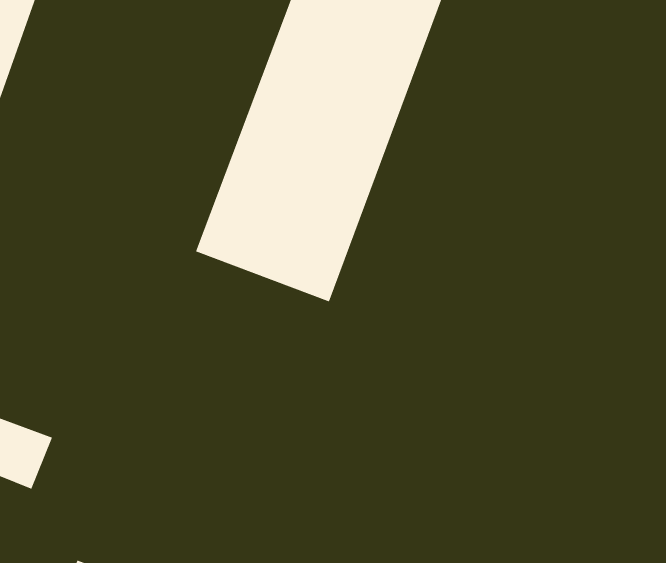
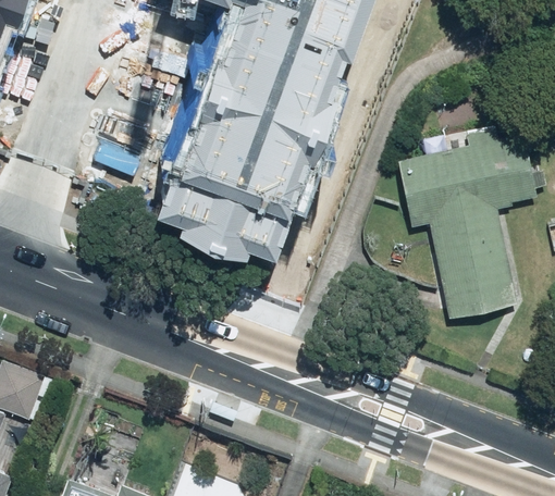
building: none -> [397,134,539,312]

